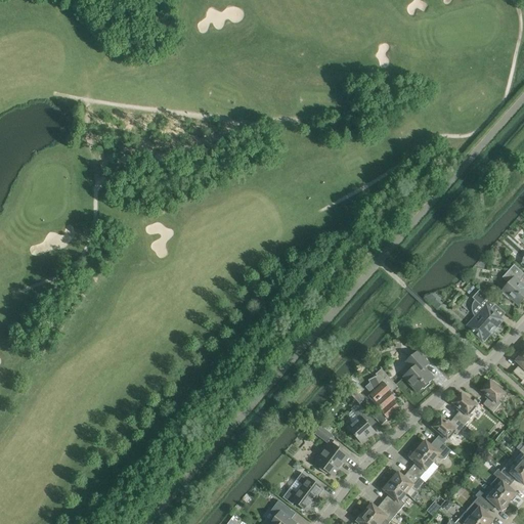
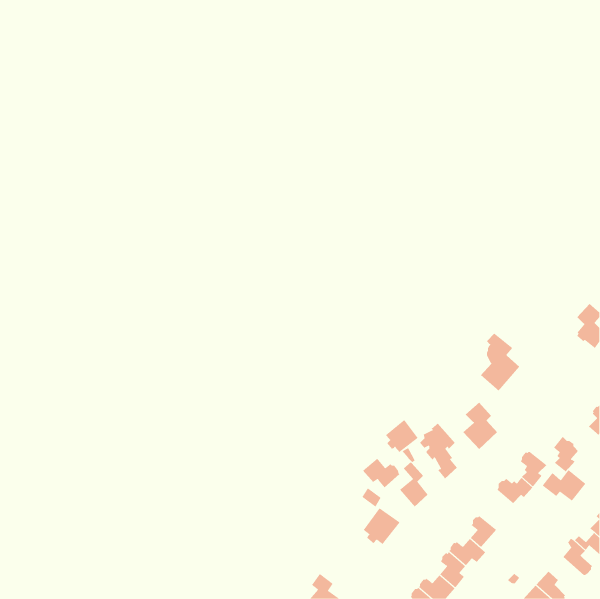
building: [467,290,501,341] -> [480,333,520,392]
building: none -> [385,419,418,453]
building: none -> [362,458,400,488]
building: none -> [542,469,586,501]
building: [418,437,451,462] -> none
building: [282,472,323,511] -> none
building: [476,485,509,510] -> none

